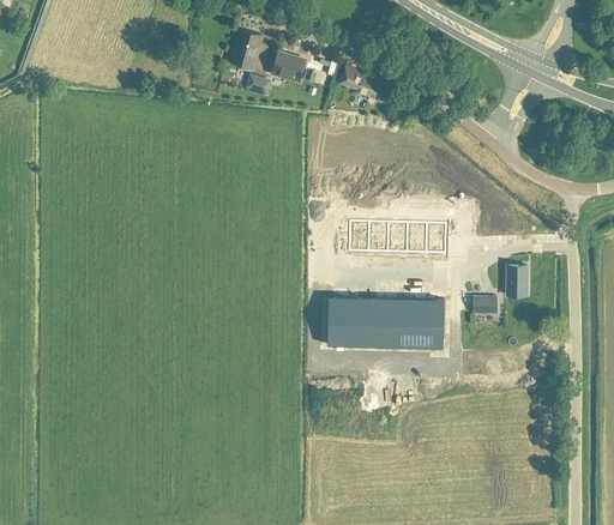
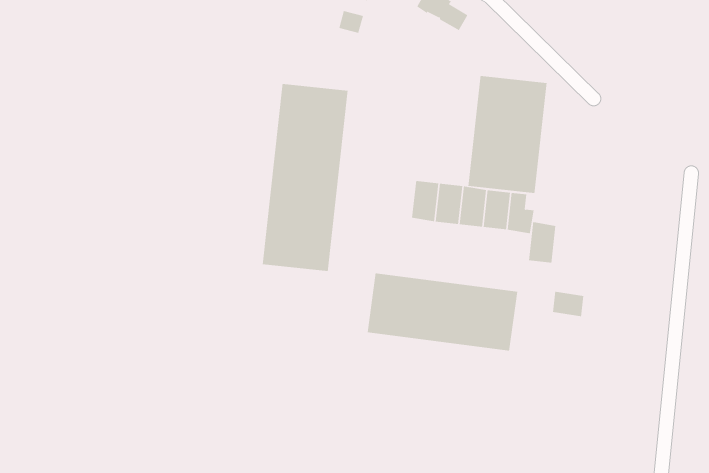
building: none -> [468,75,547,194]
building: none -> [262,83,348,272]
building: [507,265,526,296] -> [528,222,556,263]

